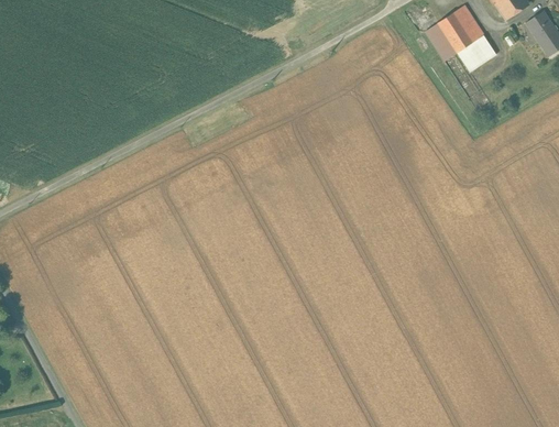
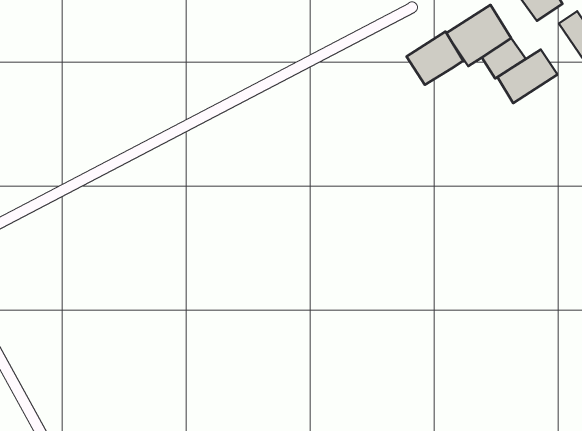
building: none -> [406,32,463,85]
building: none -> [497,50,557,103]

